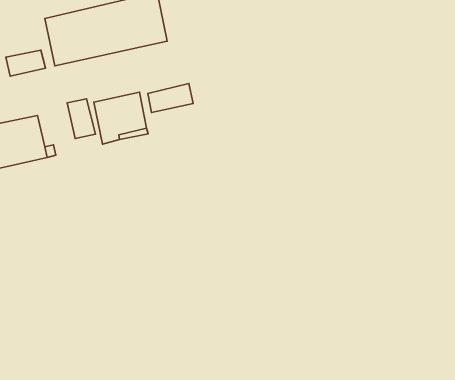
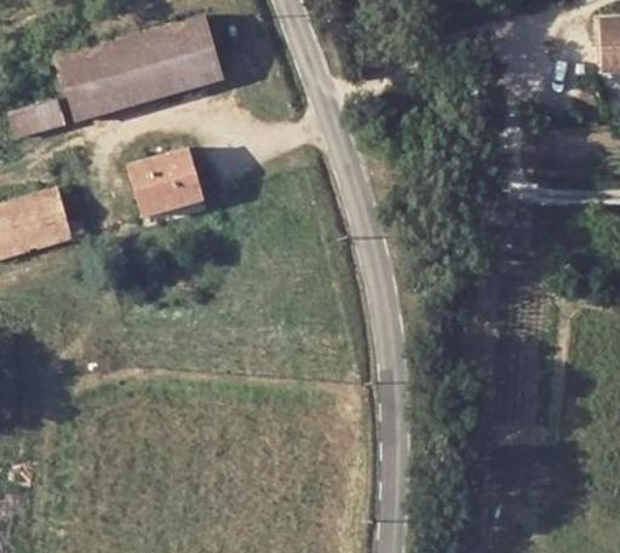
building: [148,83,193,113] -> none
building: [67,99,95,139] -> none

